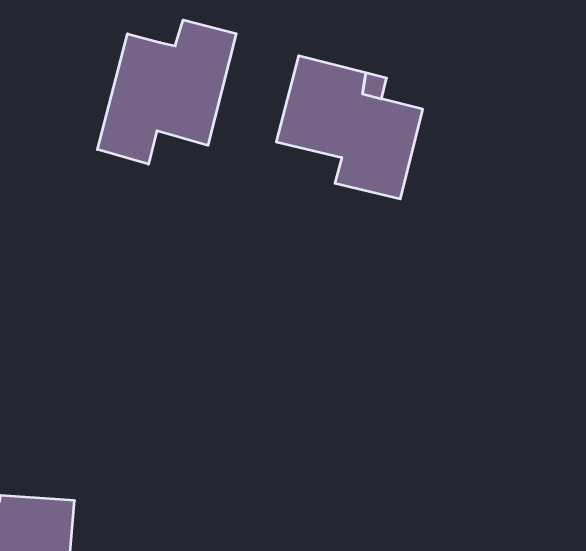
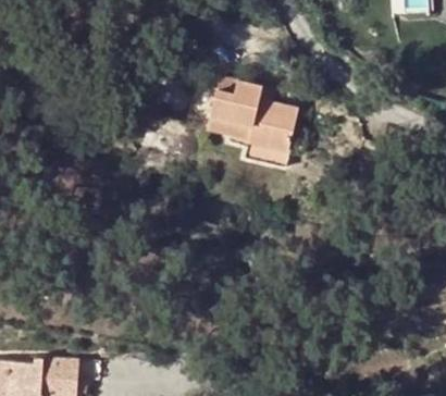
building: [97,20,236,164] -> none

